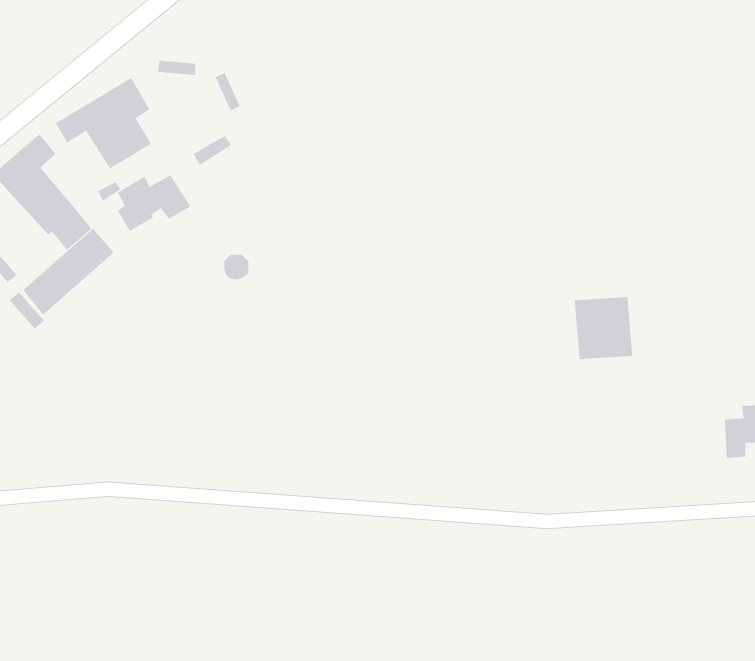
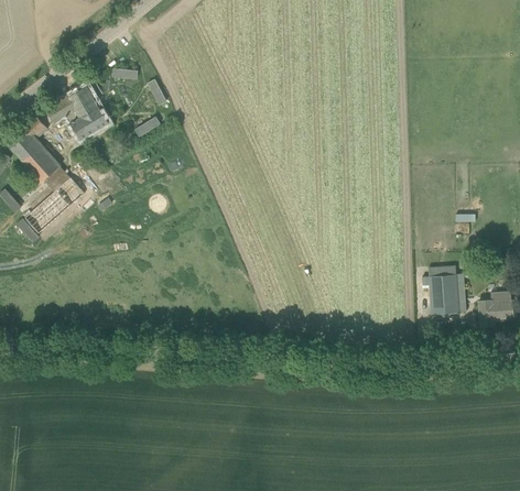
building: [117,174,191,232] -> none
building: [574,297,633,360] -> [427,273,466,314]

